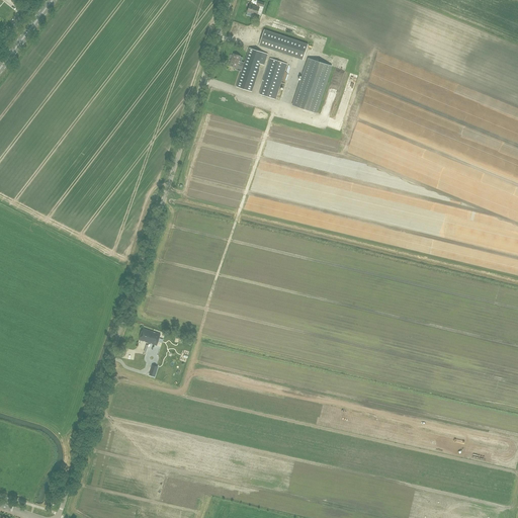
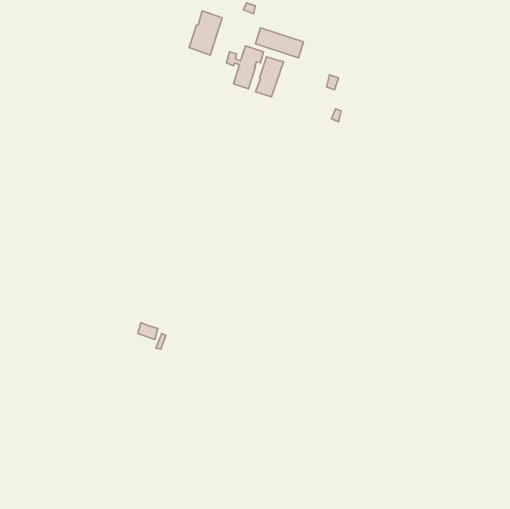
building: none -> [189,11,222,55]
building: [292,57,332,111] -> none

